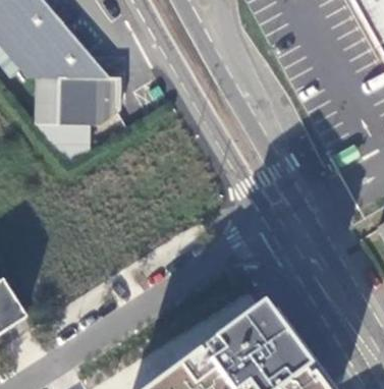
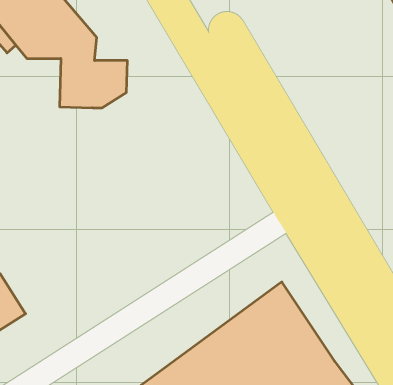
building: [28,79,89,160] -> none

